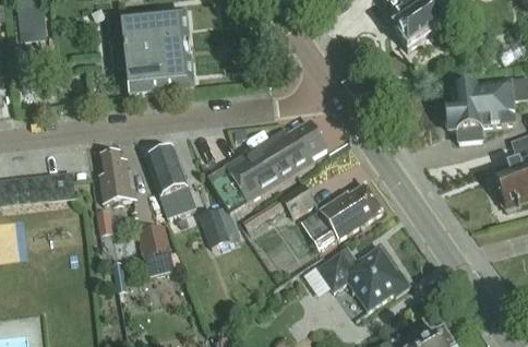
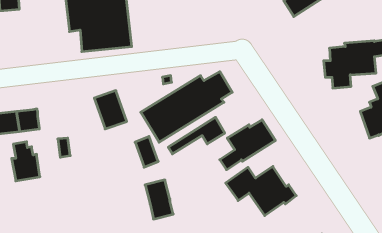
building: [99,151,136,202] -> [12,142,40,181]
building: [159,186,195,216] -> none
building: [139,223,176,274] -> [145,180,173,219]

